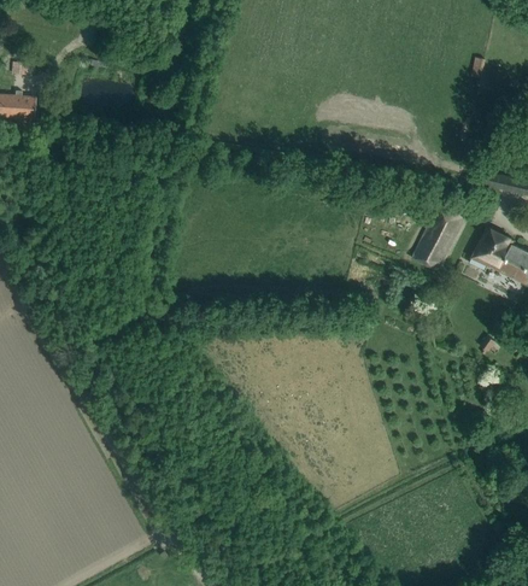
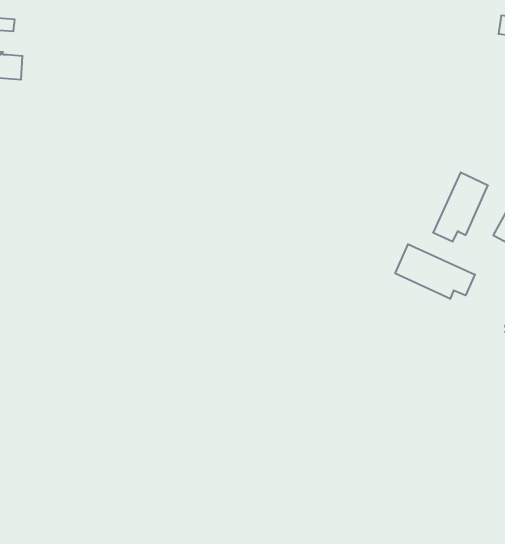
building: none -> [395,244,475,299]

